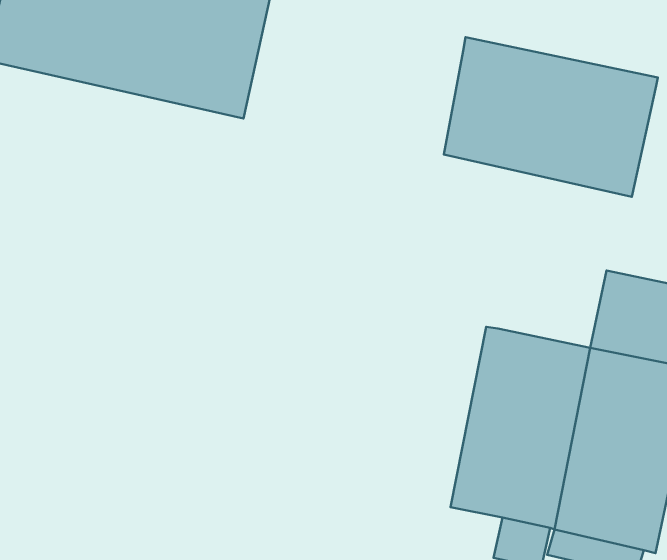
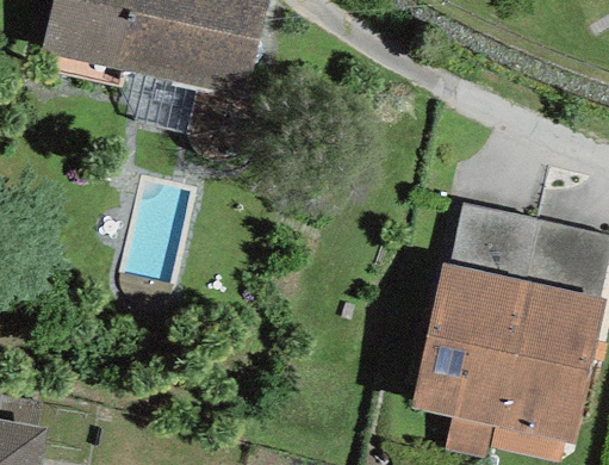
building: [444,37,658,197] -> none
building: none -> [449,204,536,281]

